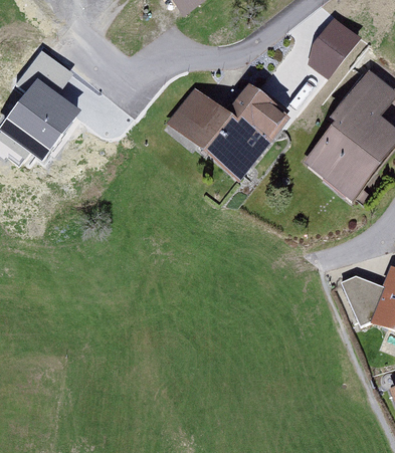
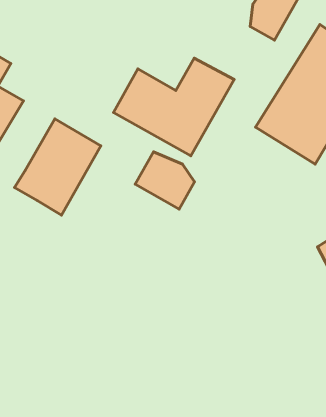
building: none -> [14,119,101,215]
building: none -> [135,152,194,209]

